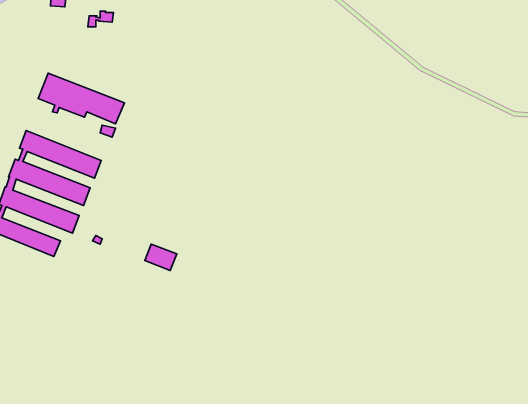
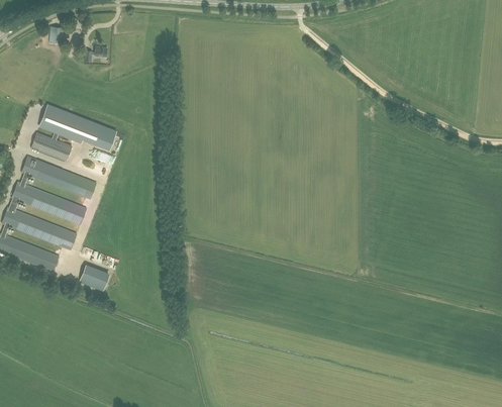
building: none -> [31,132,72,161]
building: [145,244,177,271] -> [79,266,108,290]

